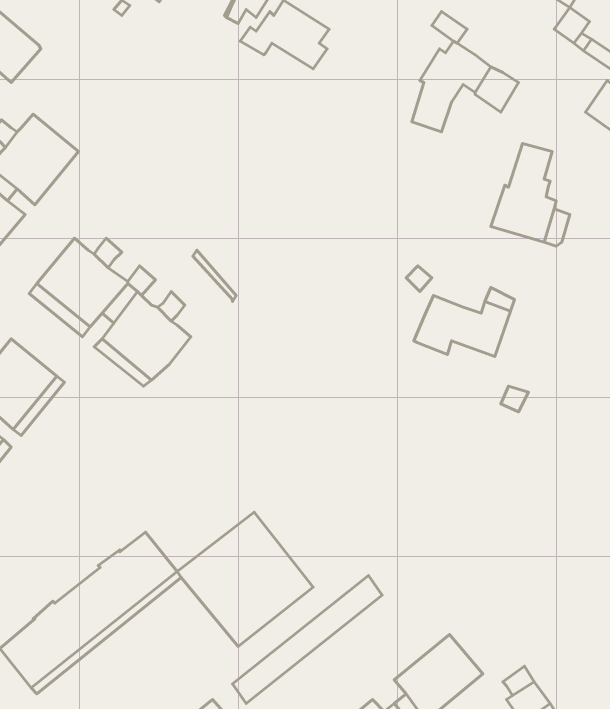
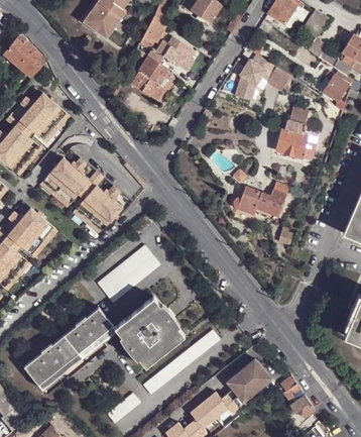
building: none -> [130,56,169,102]
building: none -> [97,244,160,303]

